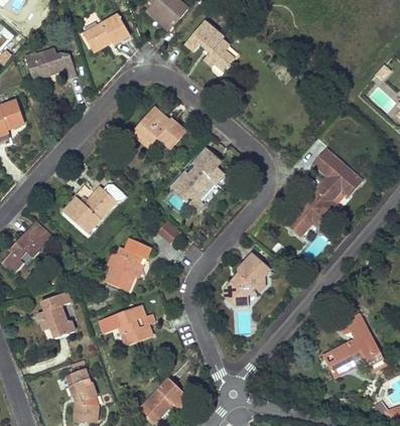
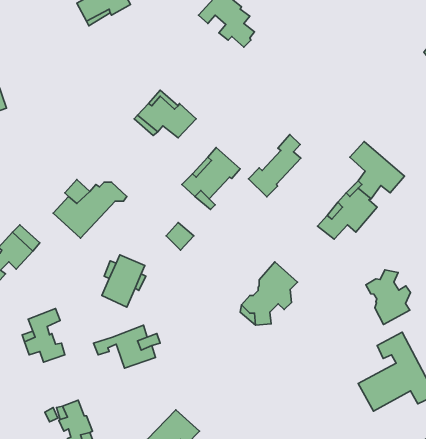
building: [25,49,77,81] -> none
building: none -> [249,134,301,197]
building: none -> [366,270,410,324]

